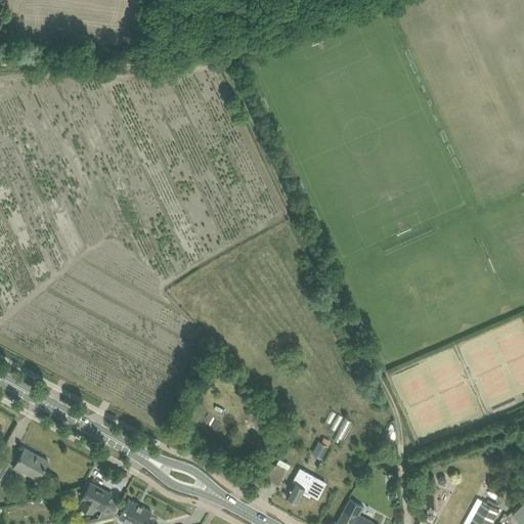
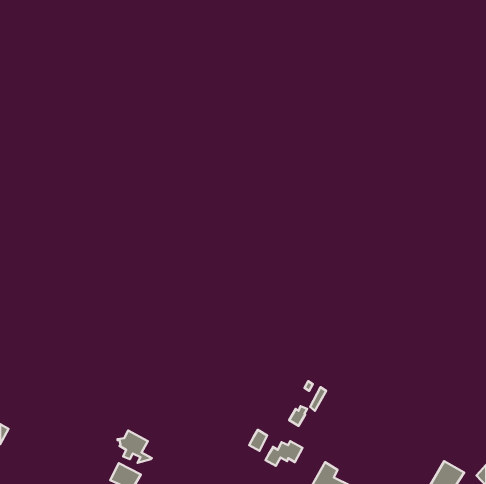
building: [13,449,48,481] -> none
building: [79,484,116,519] -> [118,431,152,463]

